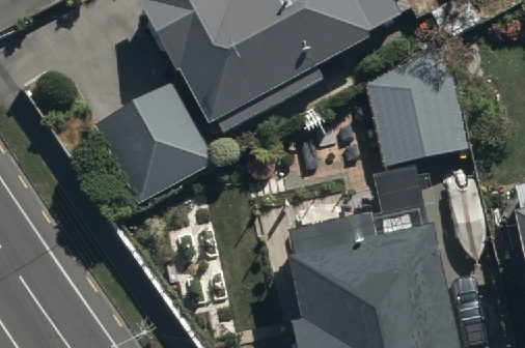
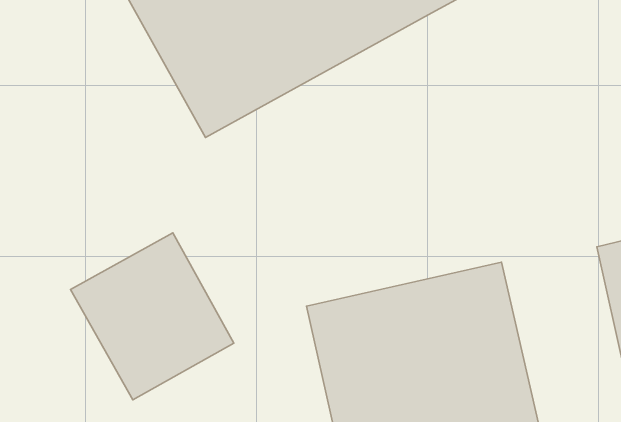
building: [367,61,470,168] -> none
building: [94,77,217,202] -> [71,233,234,400]

